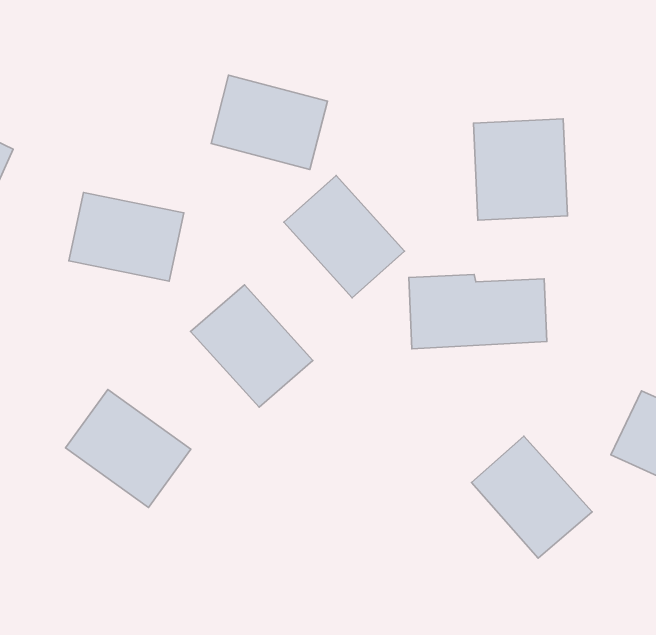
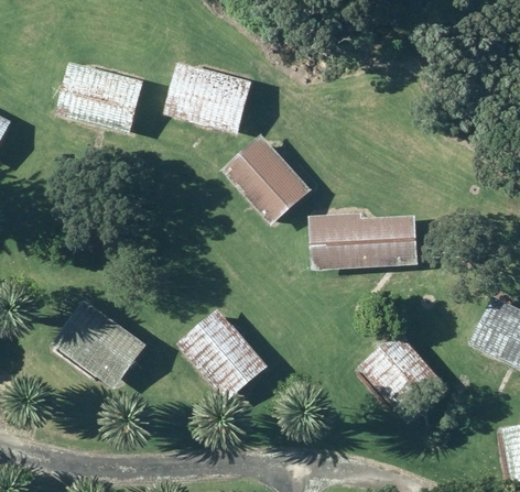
building: [474,119,568,220] -> none
building: [69,192,184,281] -> [57,65,144,132]
building: [191,285,313,407] -> [185,306,278,398]

